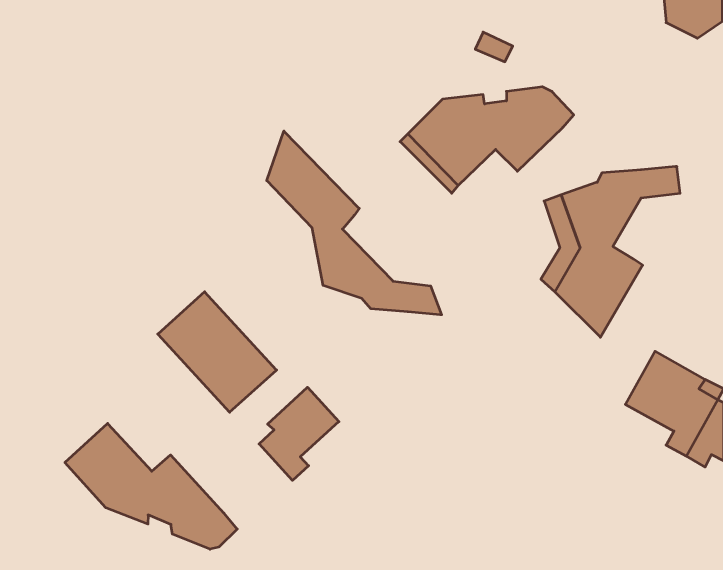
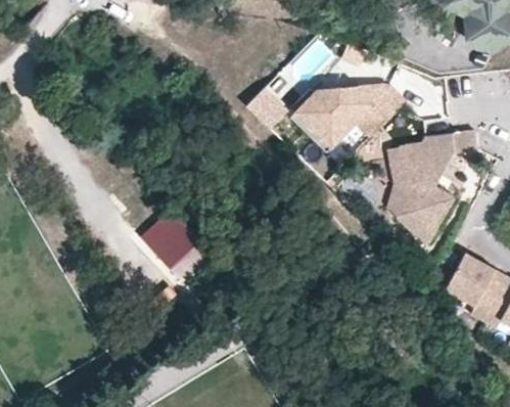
building: [267,131,442,315] -> none
building: [259,387,339,480] -> none
building: [65,423,237,549] -> none

